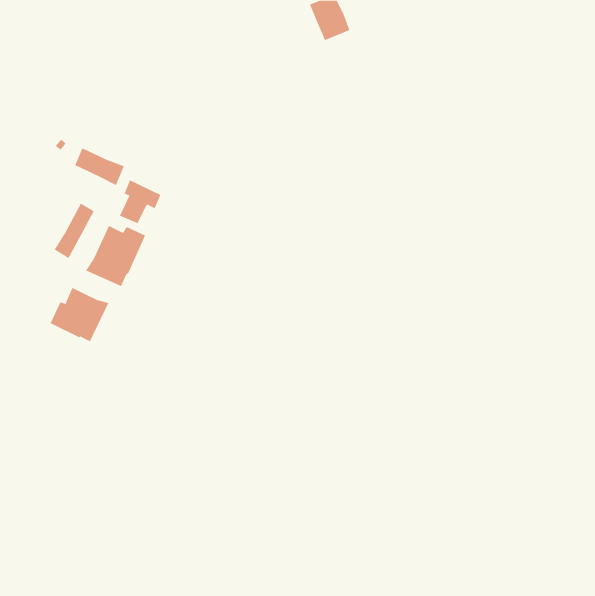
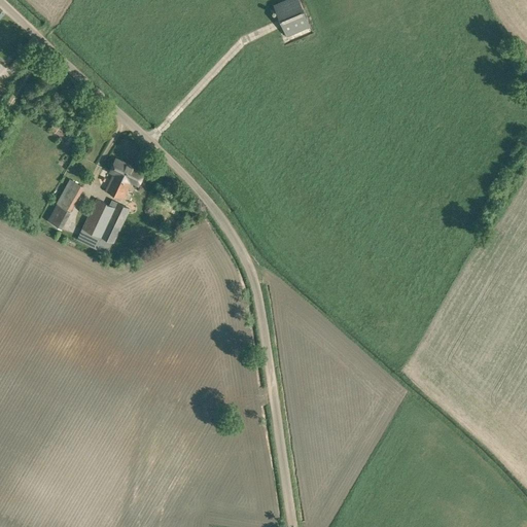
building: [74,147,125,186] -> none
building: [50,287,109,342] -> none

